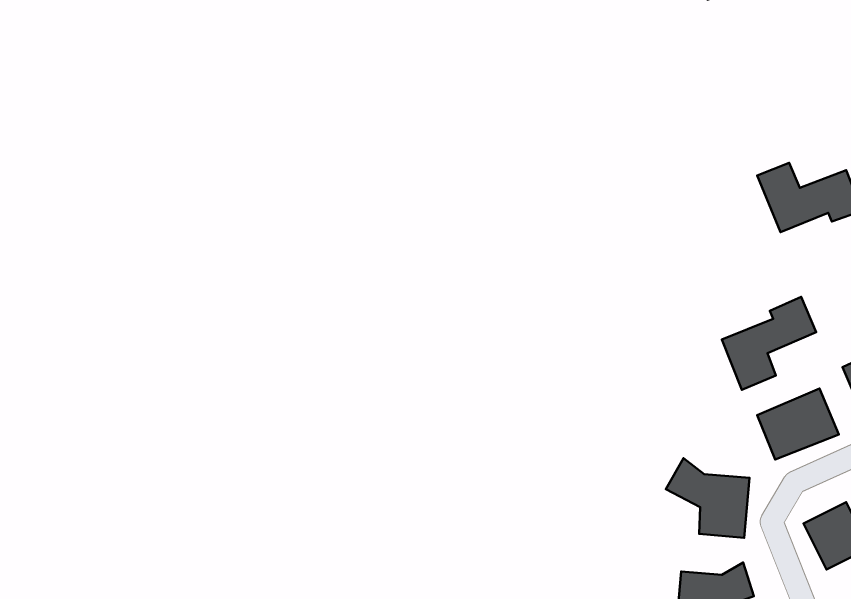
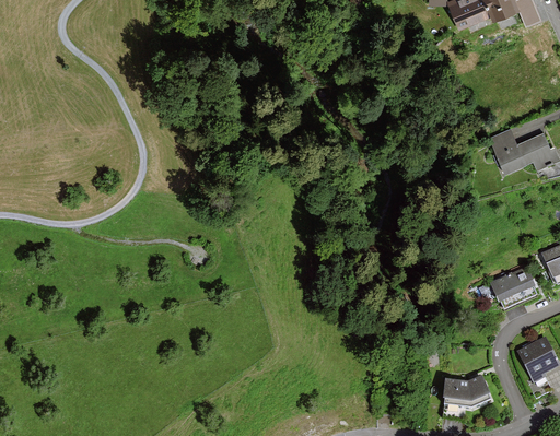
building: [722,297,816,390] -> none
building: [666,458,749,538] -> none

